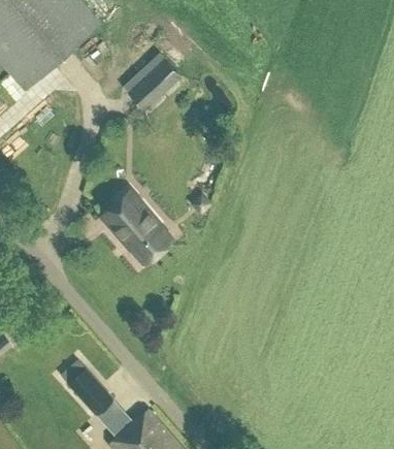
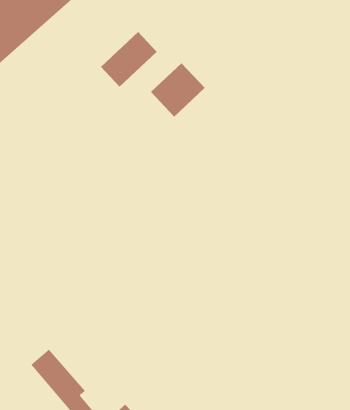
building: none -> [150,62,206,117]
building: [98,183,171,259] -> none

